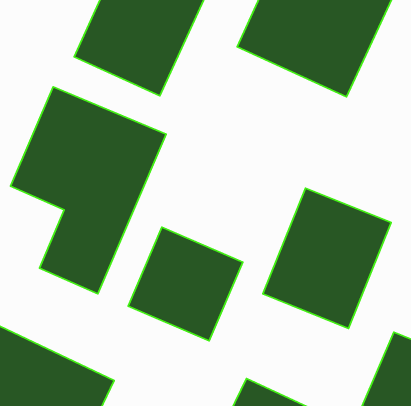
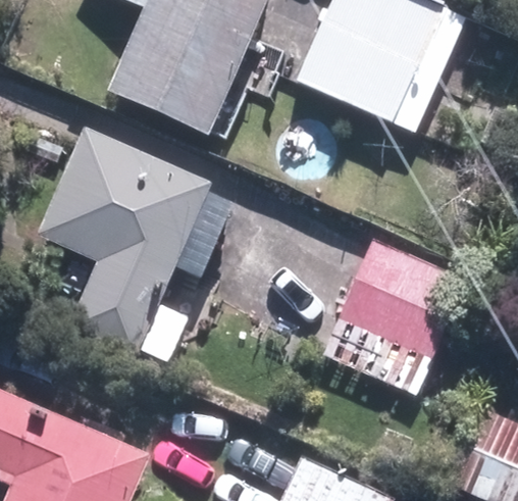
building: [128,227,243,341] -> none

